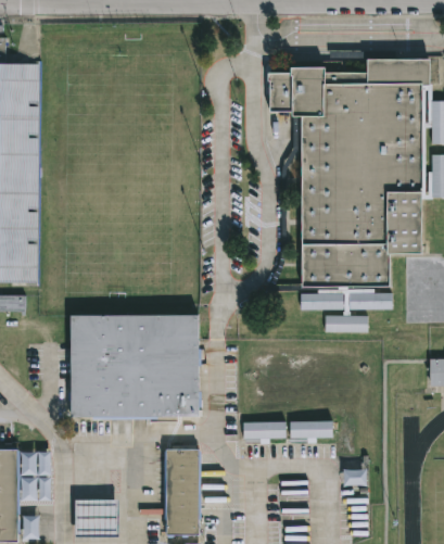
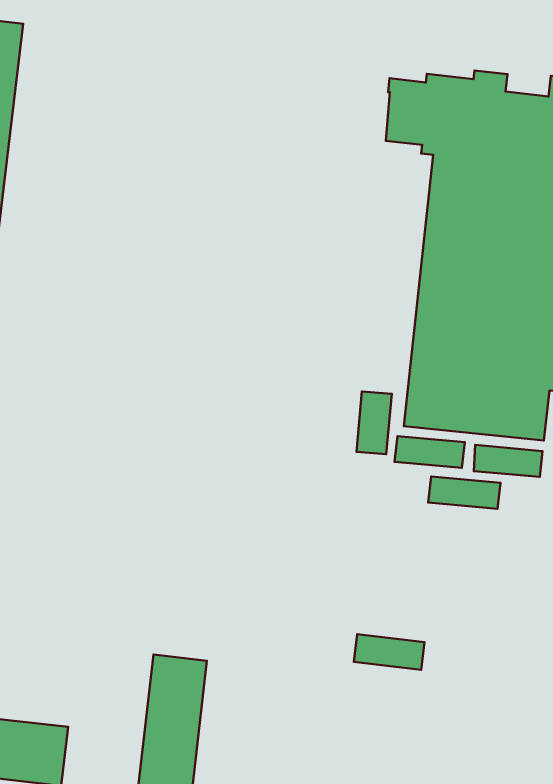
building: none -> [356,392,392,454]
building: [71,315,199,416] -> none
building: [243,421,286,439] -> none

